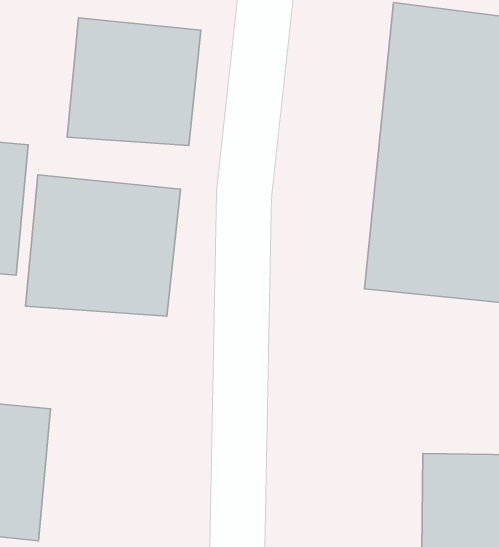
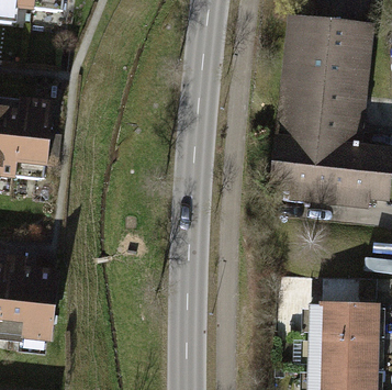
building: [67,18,201,146] -> none
building: [25,175,180,316] -> none

